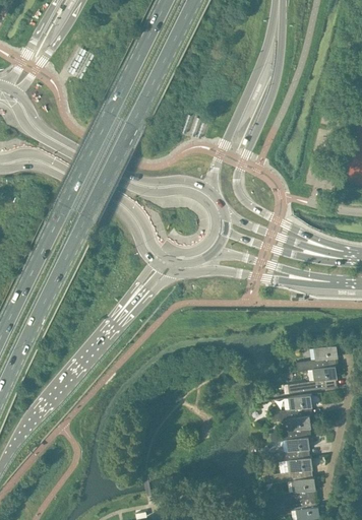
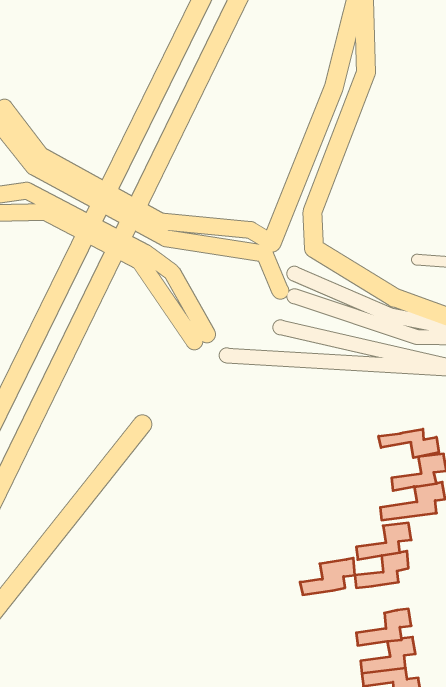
building: none -> [379,429,439,458]
building: [268,436,308,462] -> [300,558,355,595]

